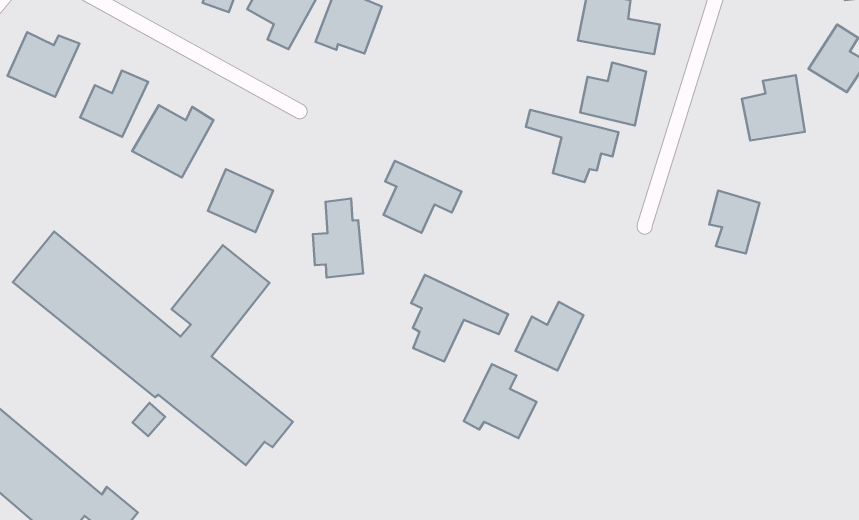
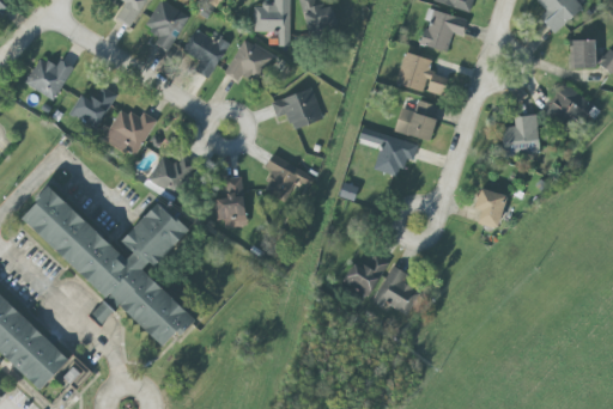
building: none -> [271,87,322,129]
building: [411,275,508,362] -> none
building: [464,364,537,438] -> [371,265,419,315]

